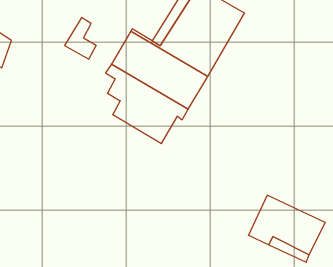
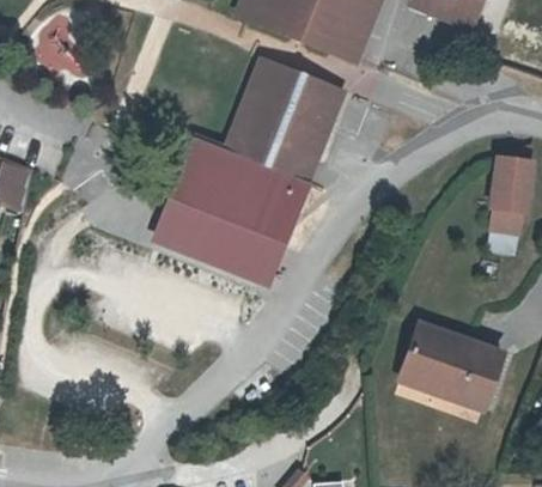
building: [65,18,96,59] -> [151,196,194,251]

